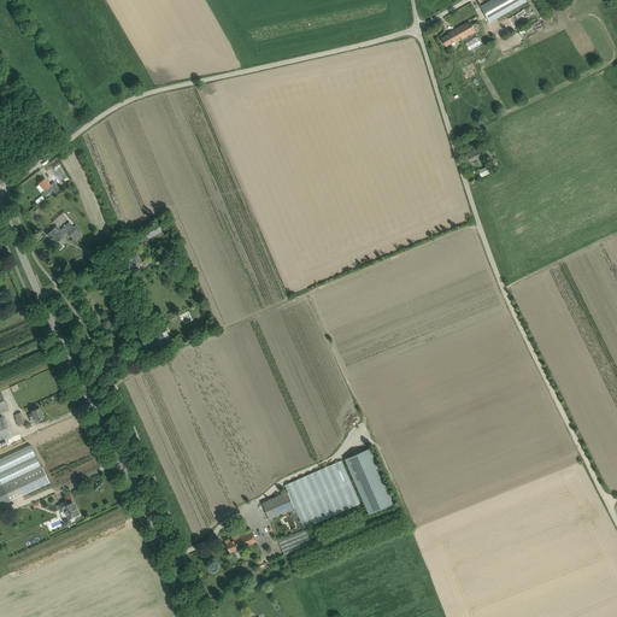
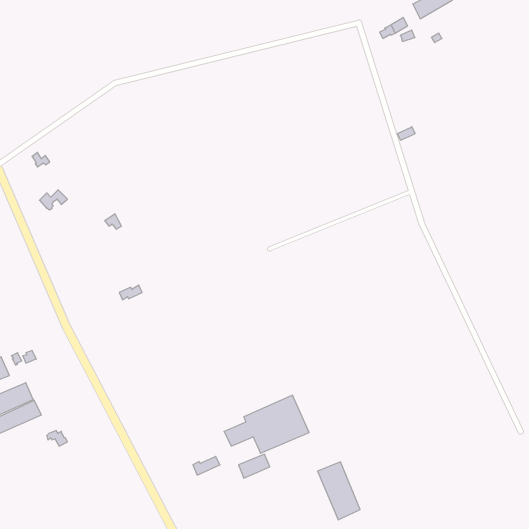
building: [343,447,393,515] -> [318,462,360,520]

